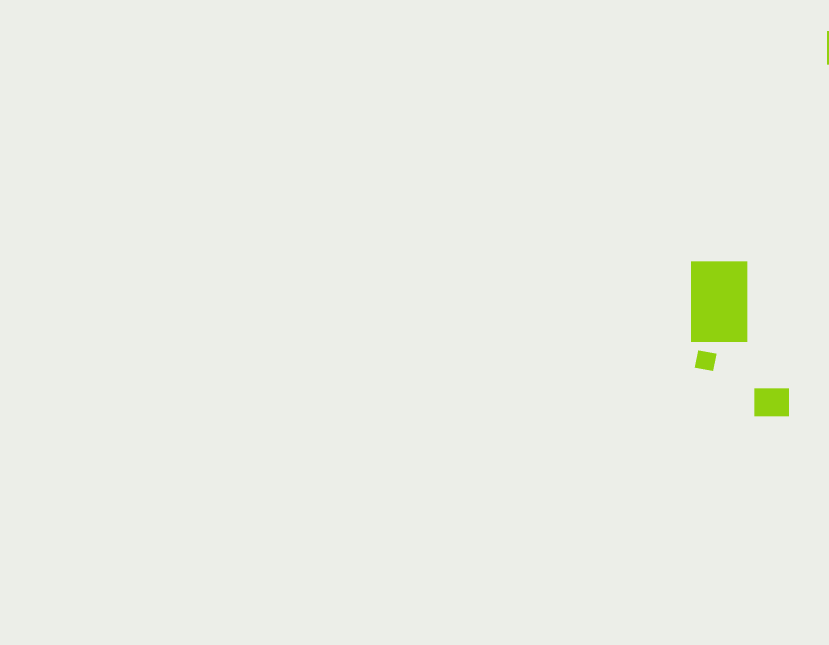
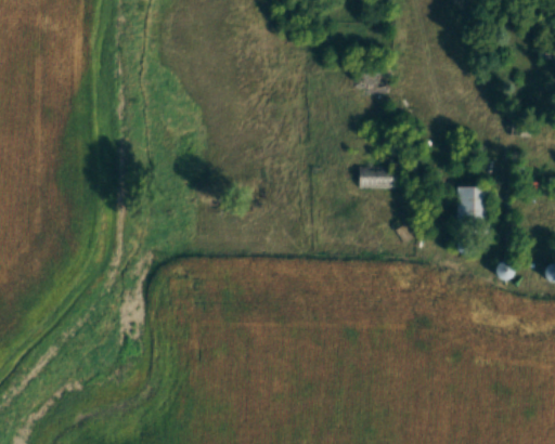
building: none -> [358,167,399,188]

